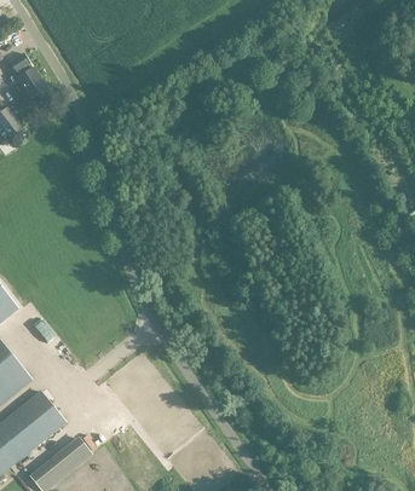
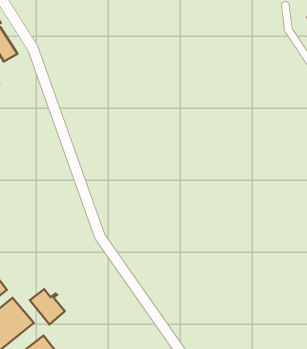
building: none -> [30,289,65,325]

